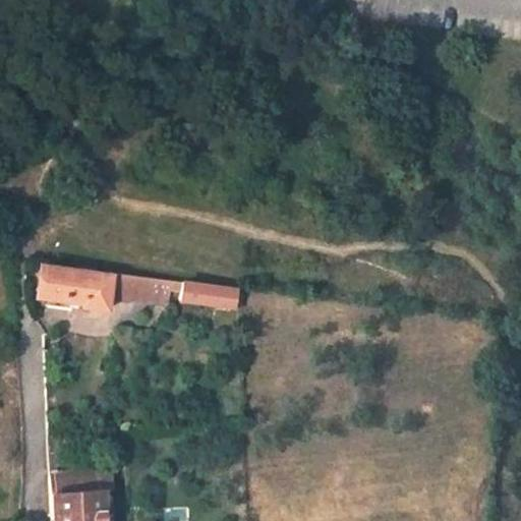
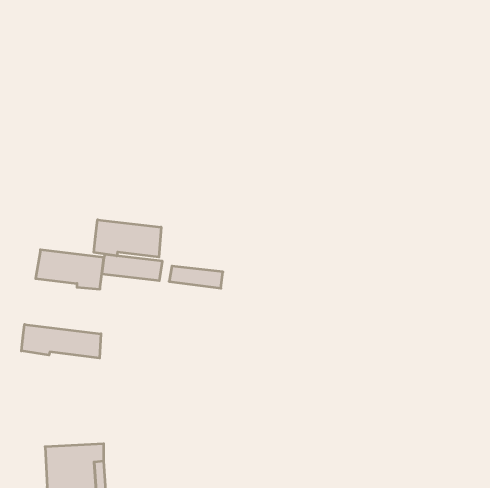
building: none -> [94,220,161,257]
building: none -> [21,324,101,358]

